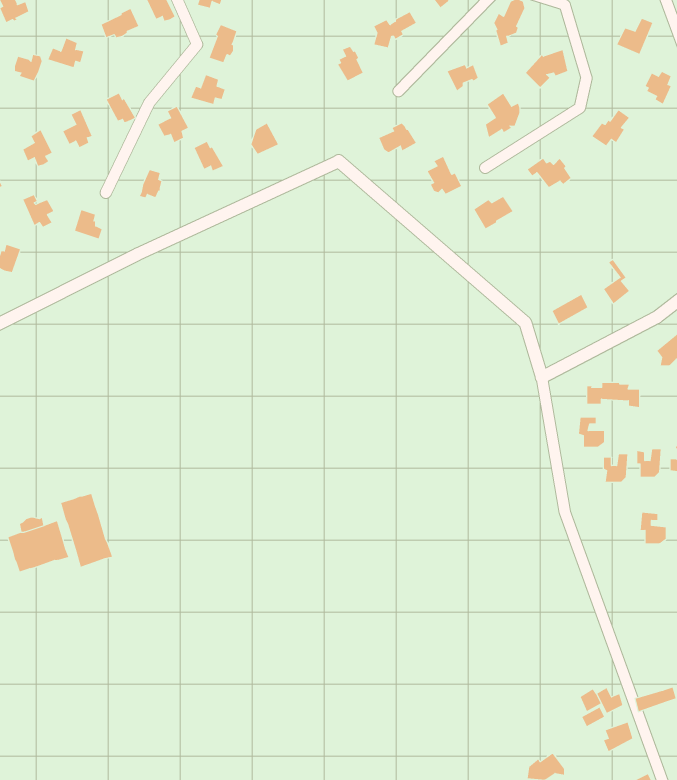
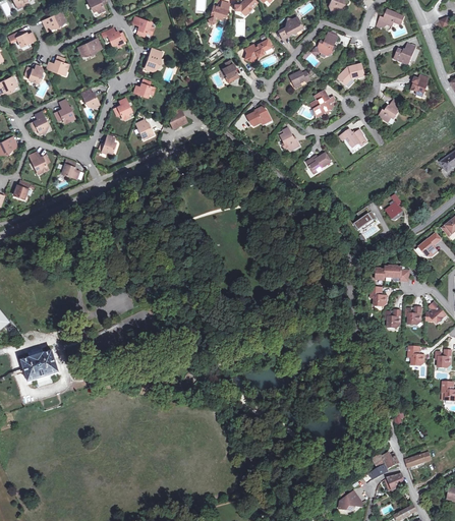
building: [60,493,113,568] -> none

